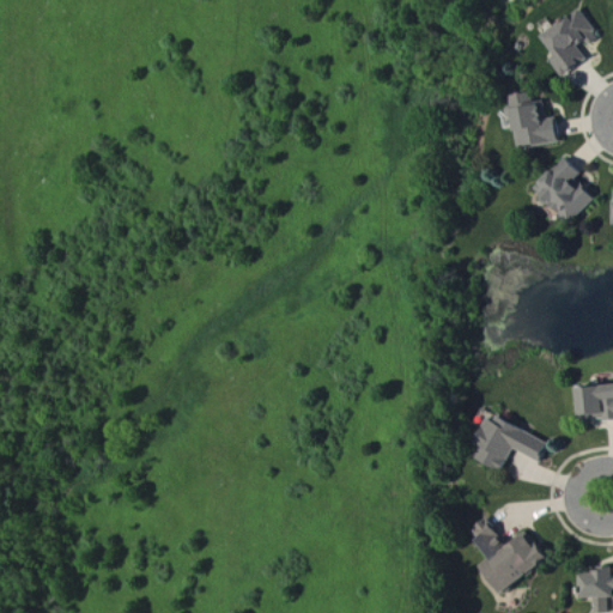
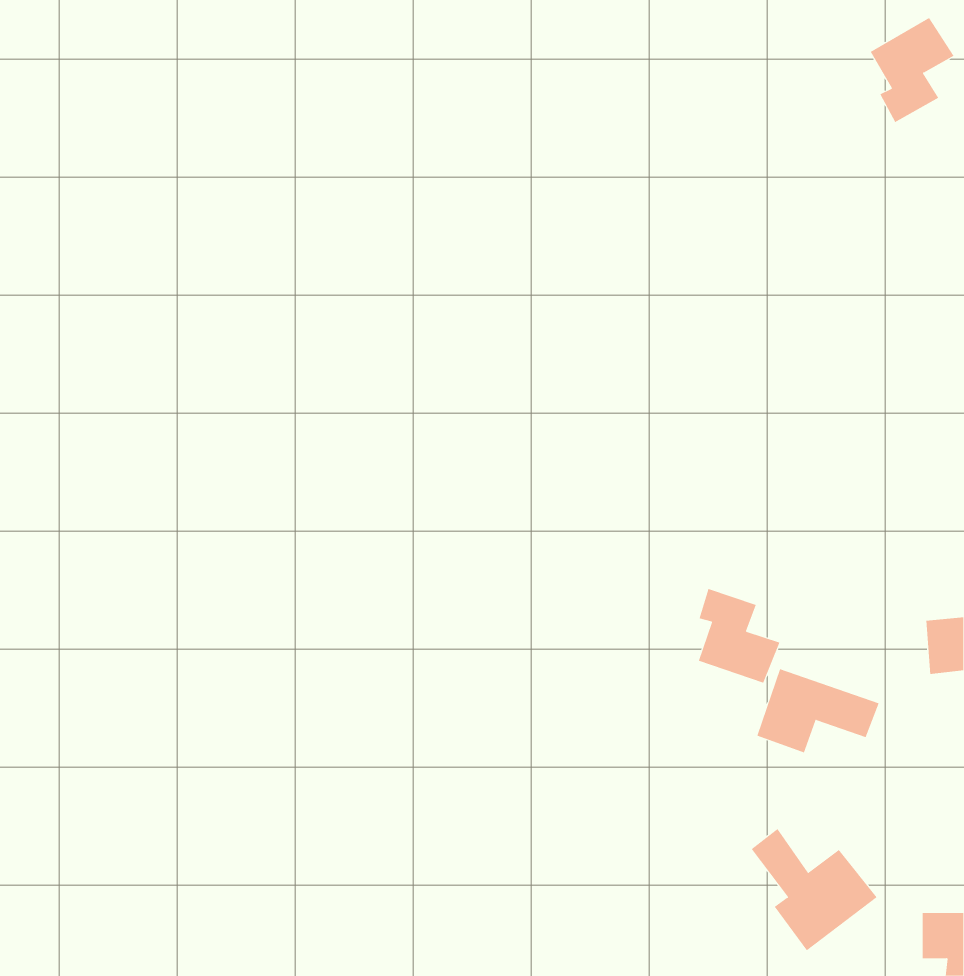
building: [509,91,558,147] -> none
building: [534,156,591,221] -> none
building: none -> [698,588,780,684]

